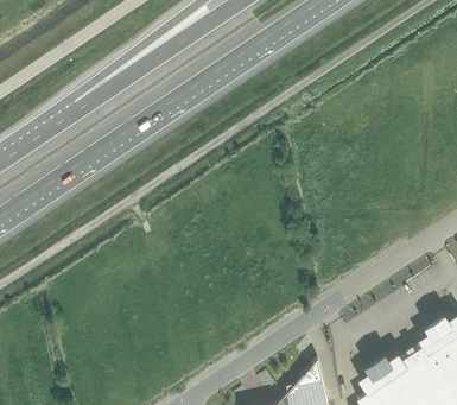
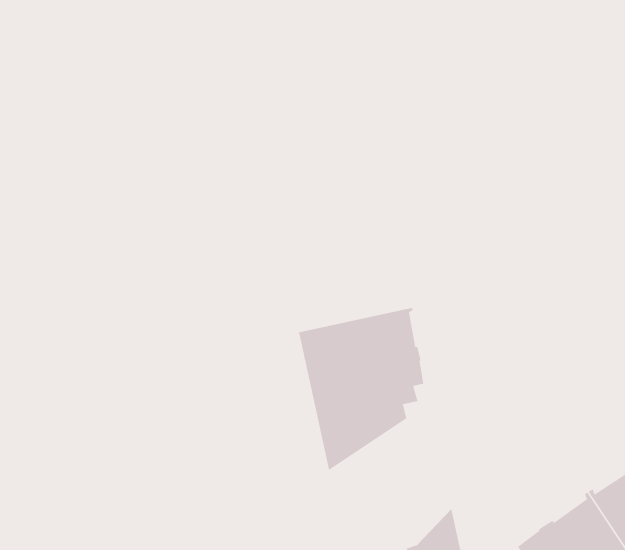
building: none -> [298,307,424,471]

